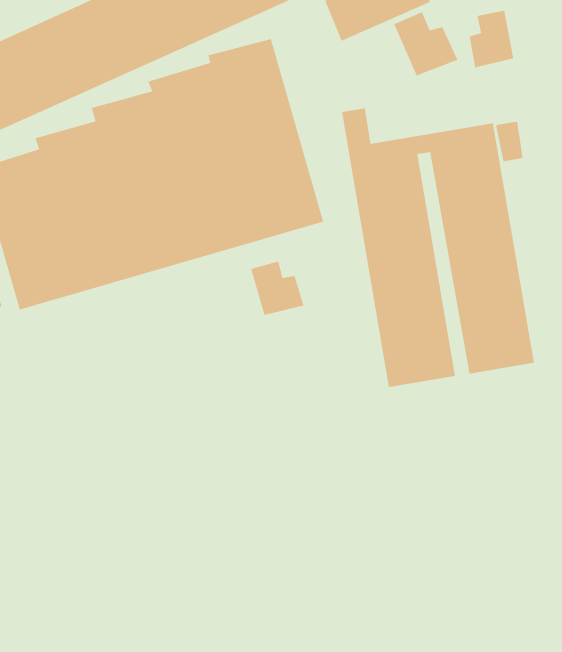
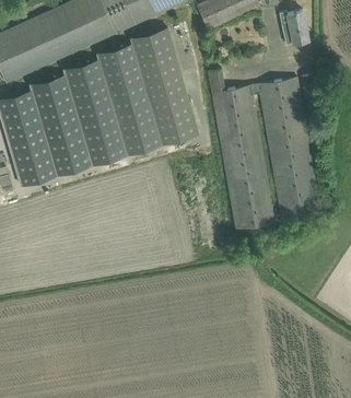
building: [393,11,458,76] -> none
building: [250,260,305,316] -> none

